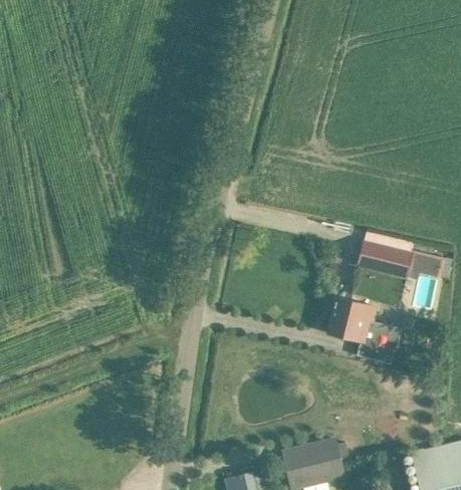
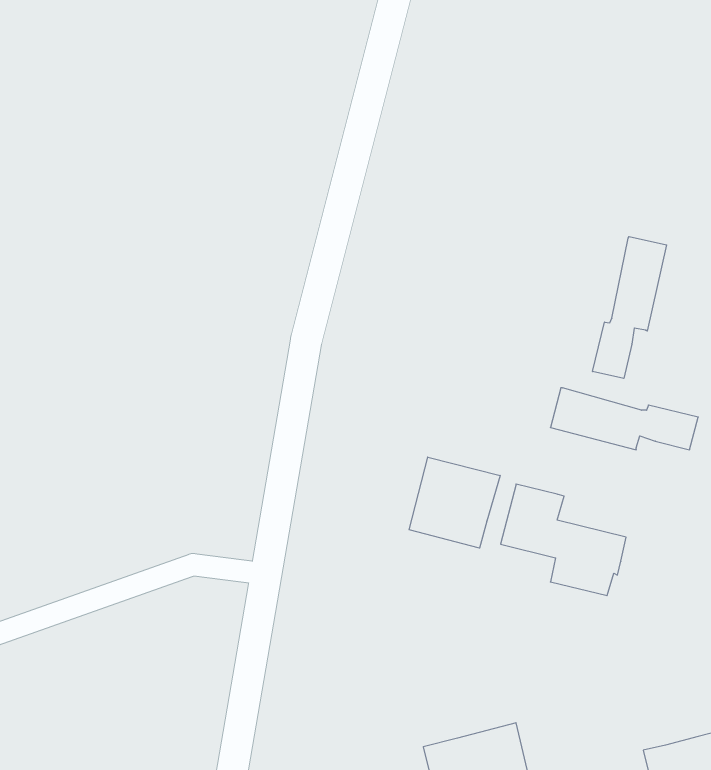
building: none -> [593,237,667,378]
building: none -> [409,457,500,548]

